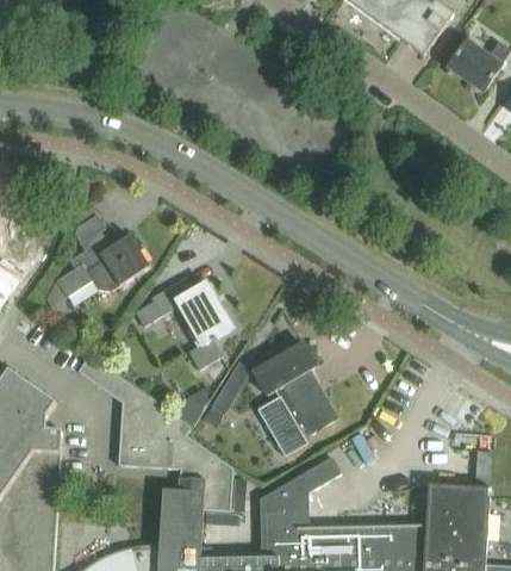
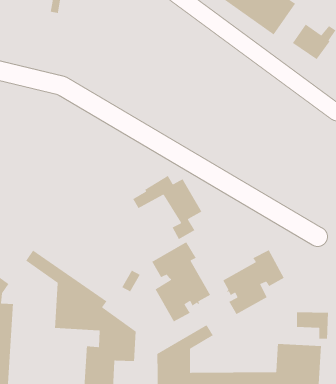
building: [57,216,149,296] -> none
building: [135,279,232,370] -> [132,175,202,240]
building: none -> [222,249,285,315]

